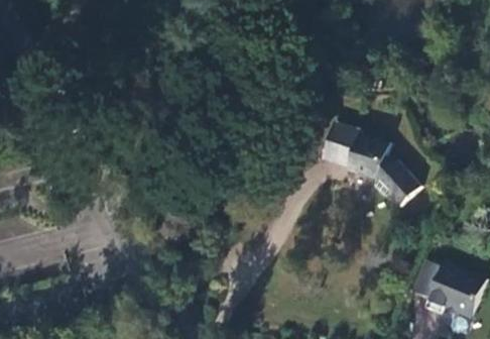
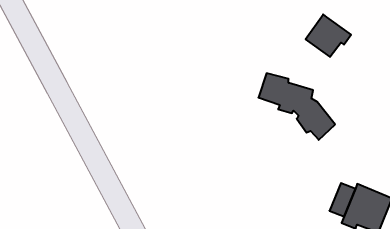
building: none -> [306,14,351,57]

